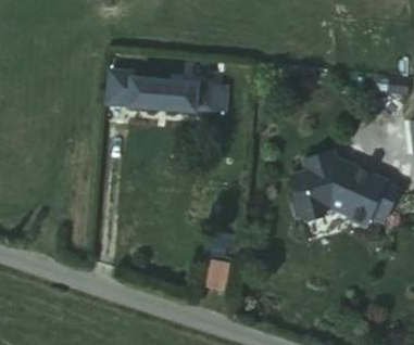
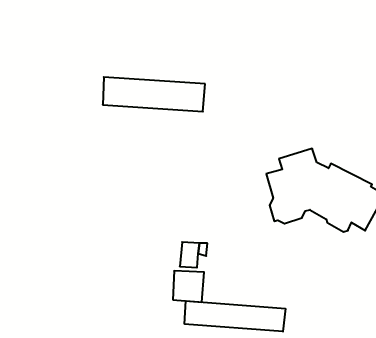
building: [106,69,135,105] -> none
building: none -> [185,301,285,332]

